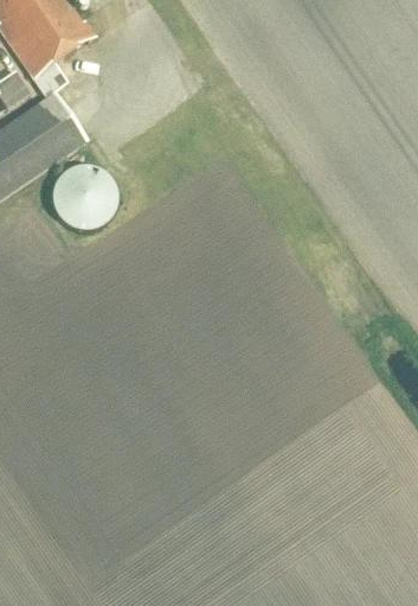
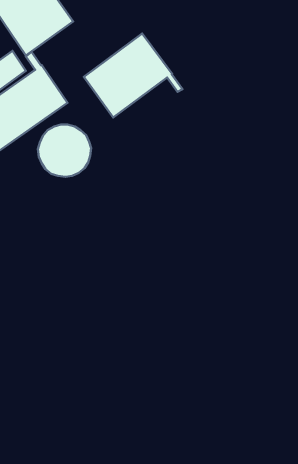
building: none -> [84,34,182,117]

